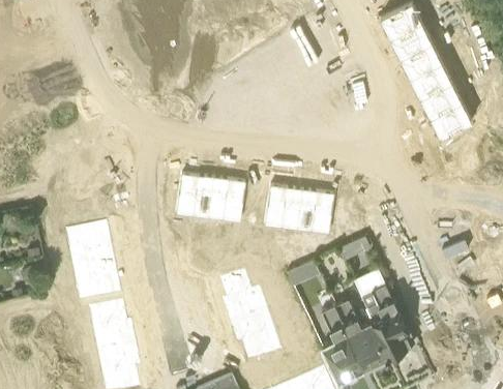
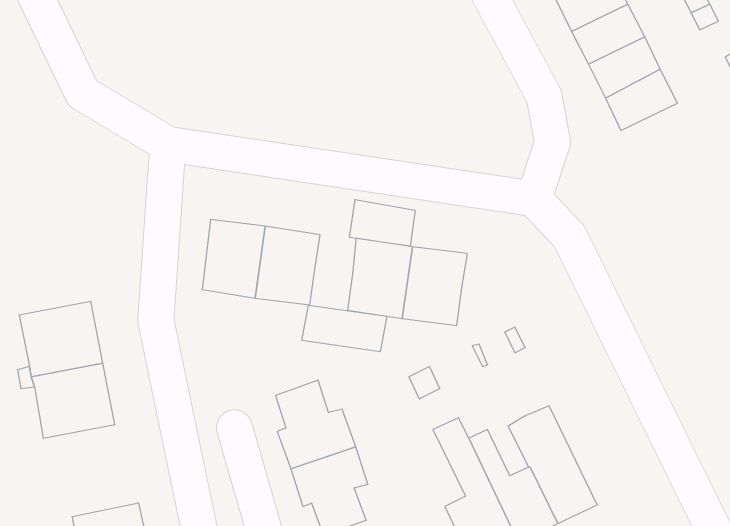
building: [428,100,473,138] -> none
building: none -> [349,199,415,246]
building: none -> [302,305,387,352]
building: [91,300,137,351] -> none

